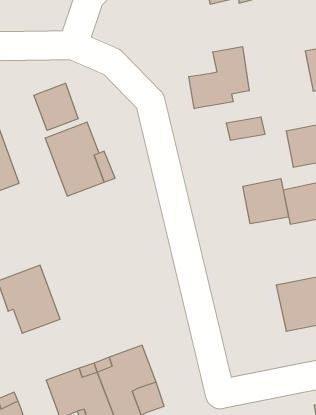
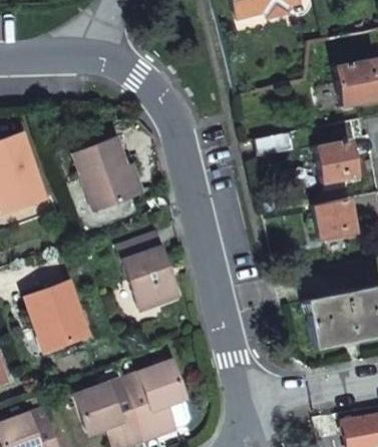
building: [189,47,249,109] -> none
building: [34,83,78,130] -> none
building: [243,179,288,224] -> none
building: none -> [118,235,178,310]

